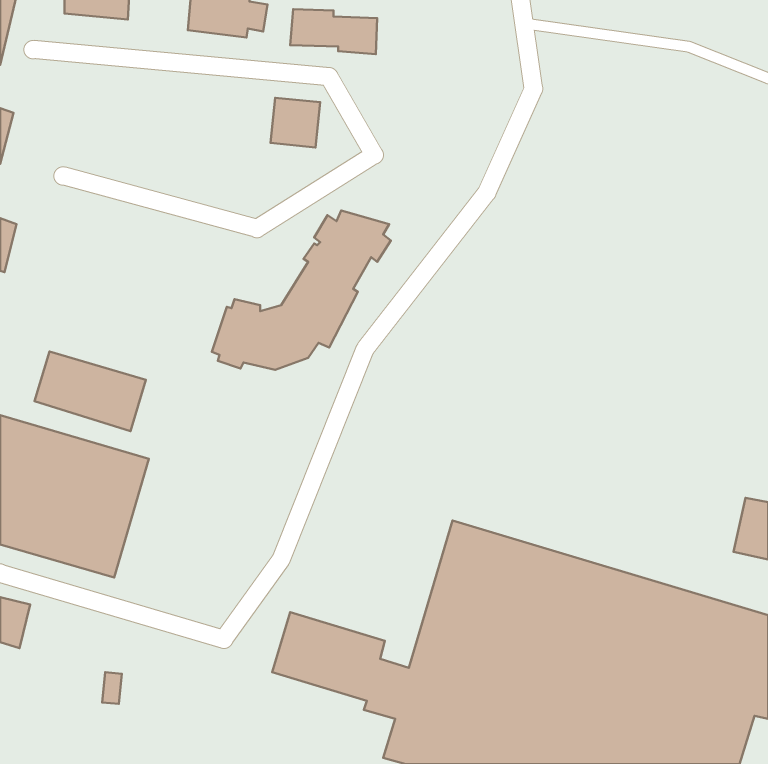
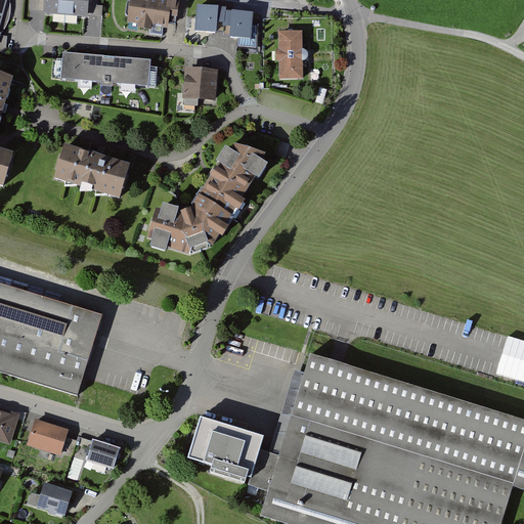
building: none -> [278,31,303,78]
building: none -> [62,53,151,85]
building: [34,351,146,431] -> [52,143,128,198]
building: none -> [29,419,121,467]
building: none -> [36,481,72,515]

